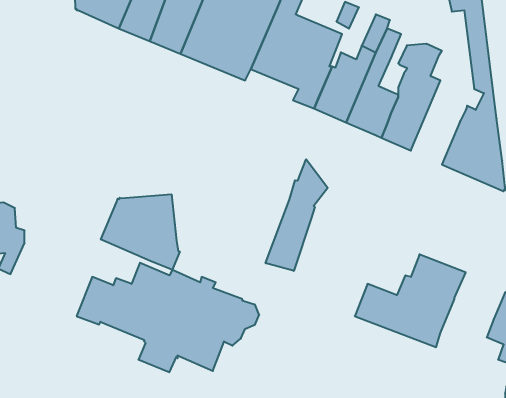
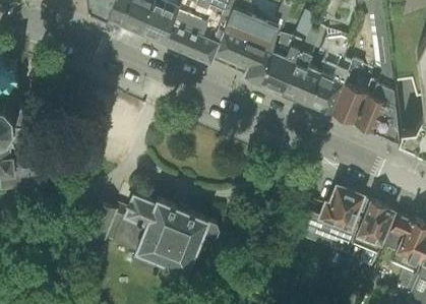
building: none -> [330,62,366,123]
building: [266,159,328,271] -> none
building: [101,194,180,270] -> none
building: none -> [352,201,393,266]

